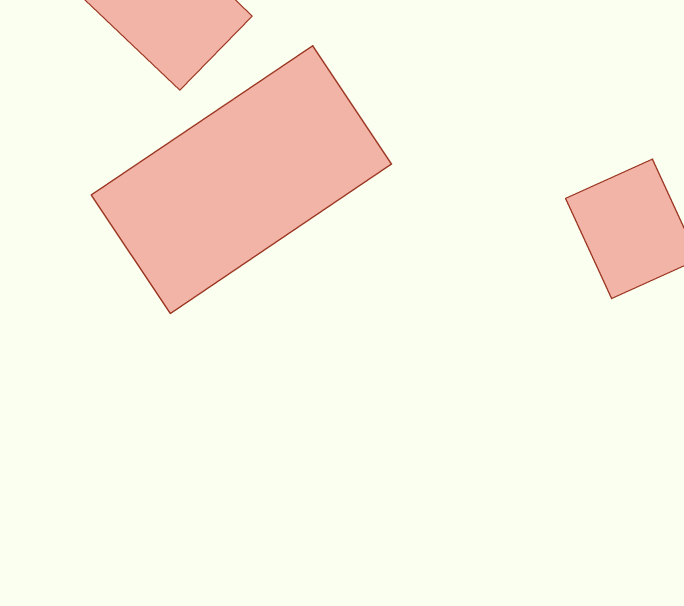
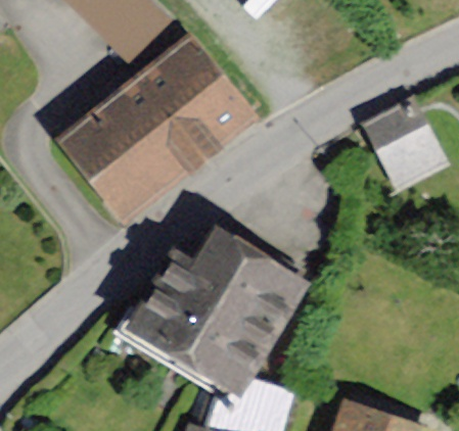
building: none -> [153,229,294,383]

